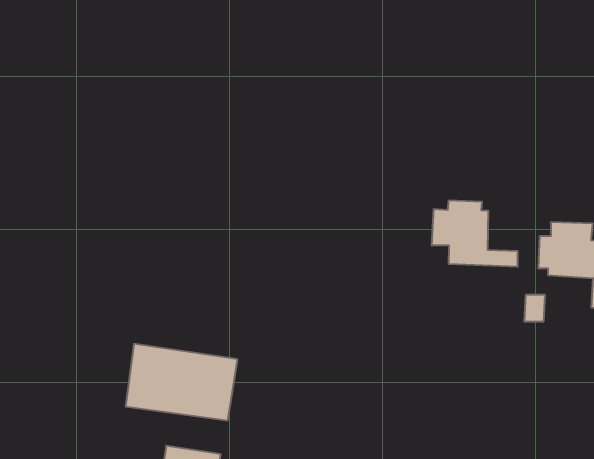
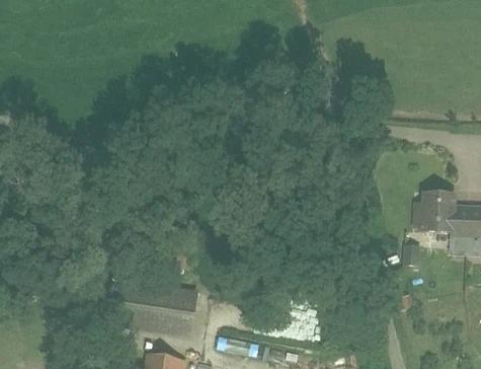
building: [432,200,518,267] -> none

